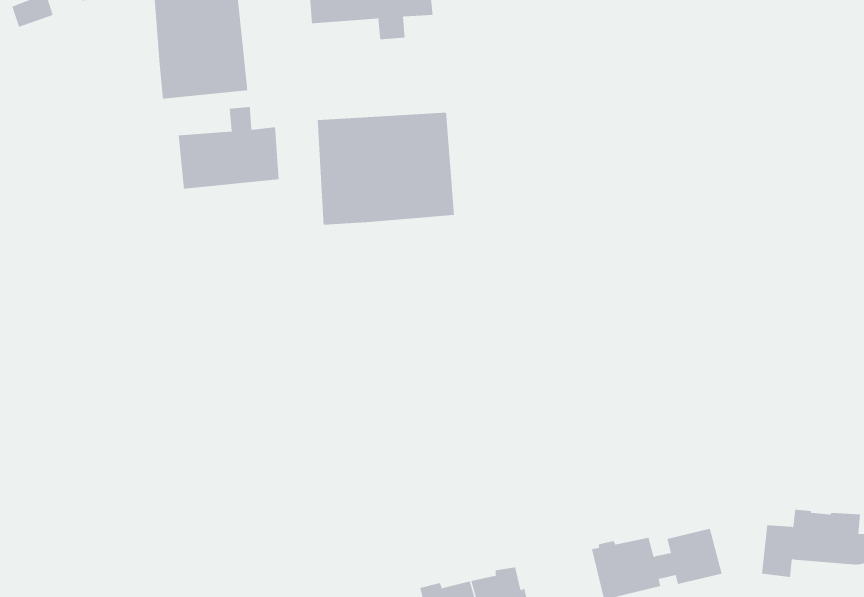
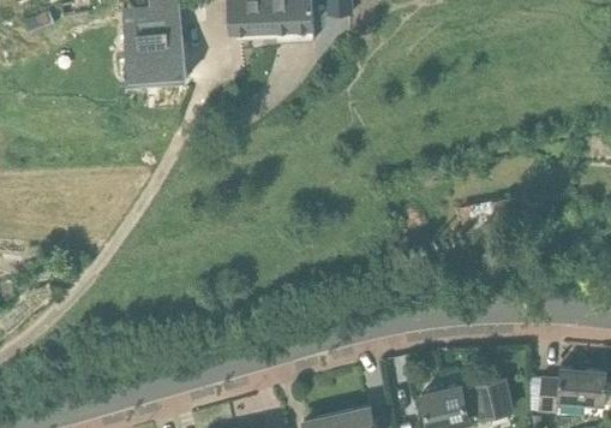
building: [178,106,279,189] -> none
building: [317,112,454,226] -> none

